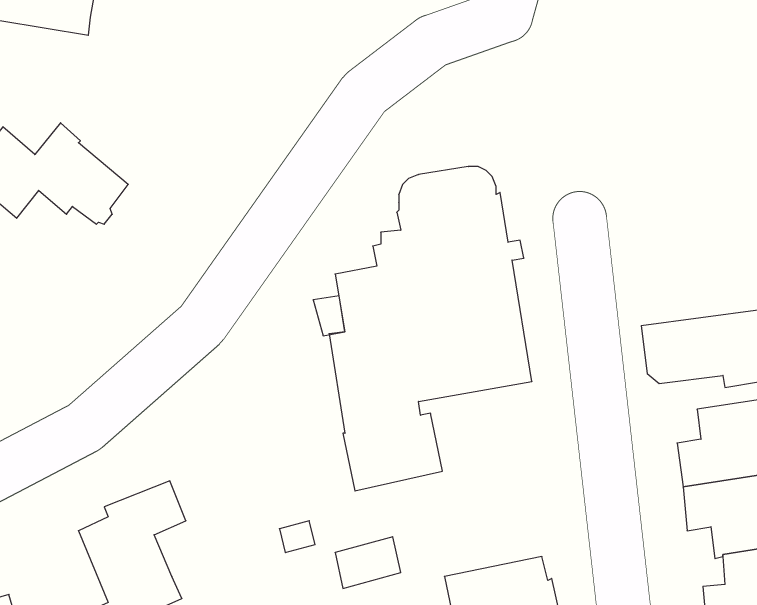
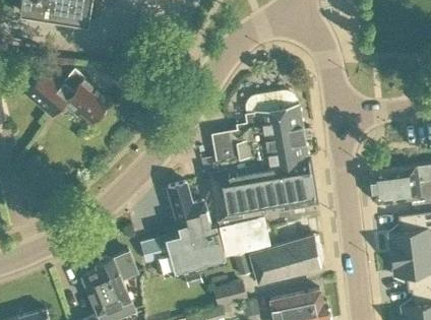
building: none -> [141,185,225,279]
building: none -> [249,238,321,285]

